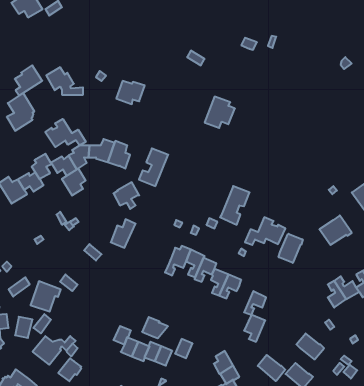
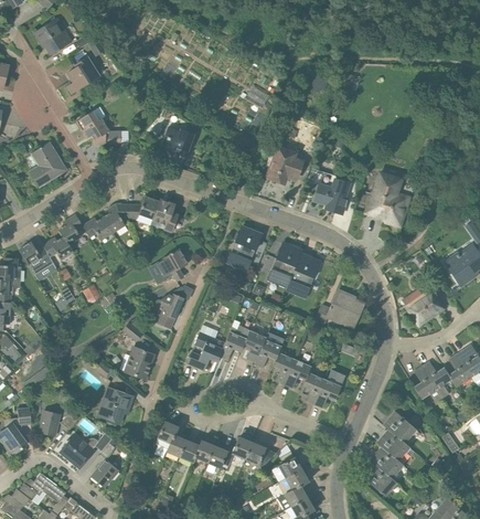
building: [15,65,42,96] -> [67,56,100,93]
building: none -> [367,170,410,226]
building: [45,119,86,147] -> none
building: none -> [314,177,352,213]
building: [139,148,168,186] -> [227,225,263,271]
building: [62,168,86,196] -> none
building: none -> [268,242,302,288]
building: [279,234,303,263] -> none
building: none -> [188,331,223,370]
building: none -> [125,346,153,379]
building: [30,281,61,312] -> [97,386,134,423]
building: [244,315,265,342] -> [300,372,326,404]
building: [142,317,168,338] -> [245,442,276,467]
building: none -> [384,411,417,443]
building: [258,355,285,381] -> [371,447,404,478]

